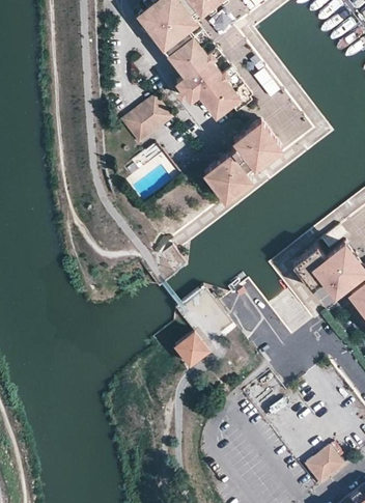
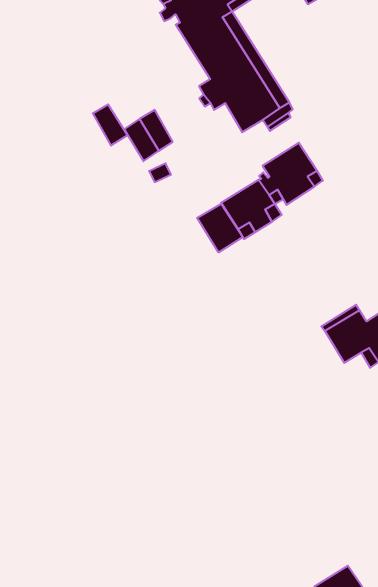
building: [142,99,171,131] -> [93,104,128,145]
building: none -> [197,204,243,252]
building: [174,334,207,368] -> none

